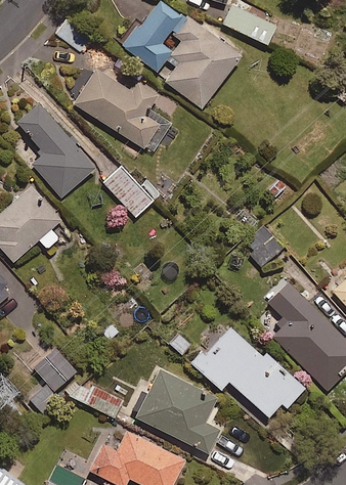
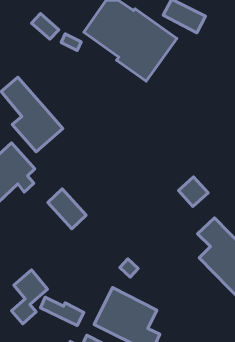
building: [73,68,165,150] -> none
building: [104,167,154,218] -> [48,189,86,229]
building: [193,325,304,416] -> none

